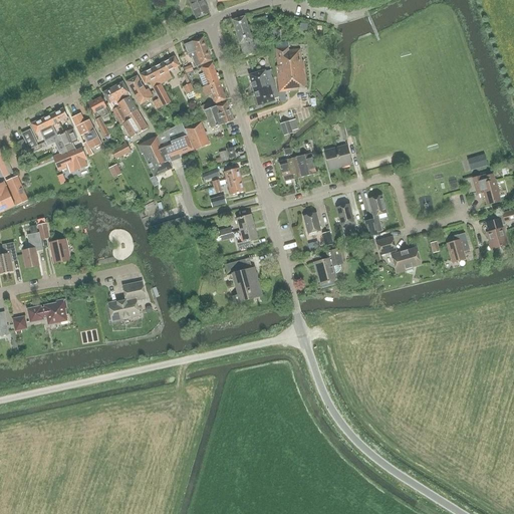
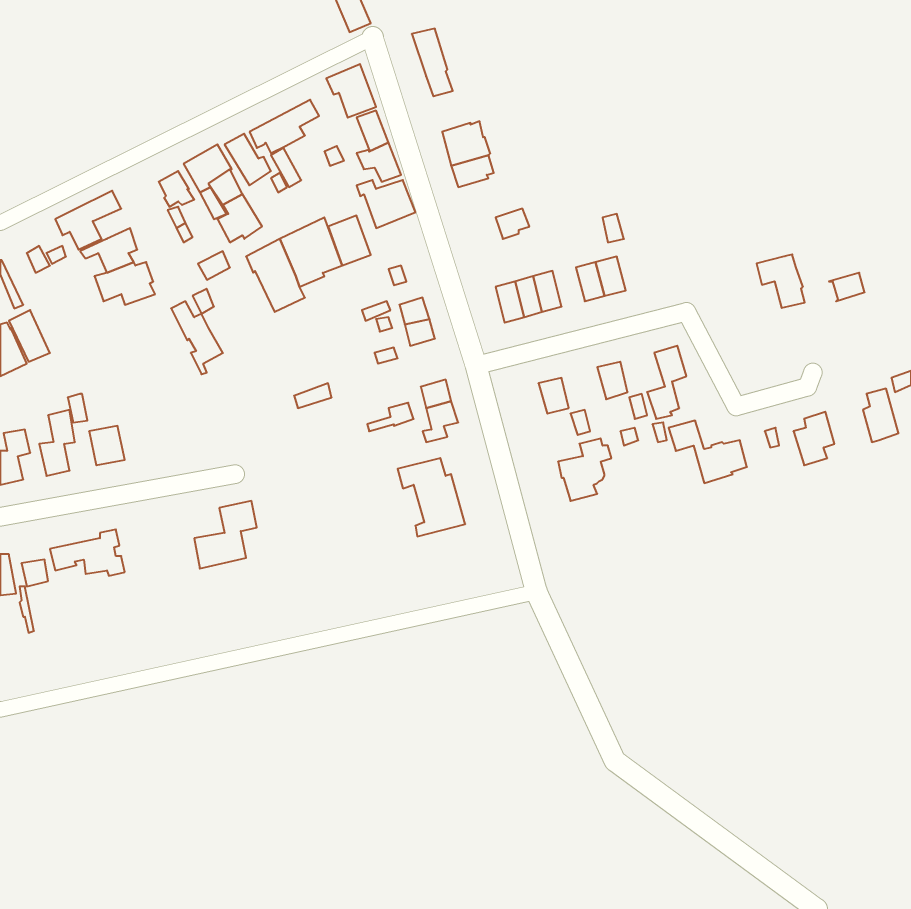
building: [275,47,307,100] -> none
building: [72,113,101,155] -> [171,301,223,374]
building: [473,173,500,203] -> [757,254,805,308]

